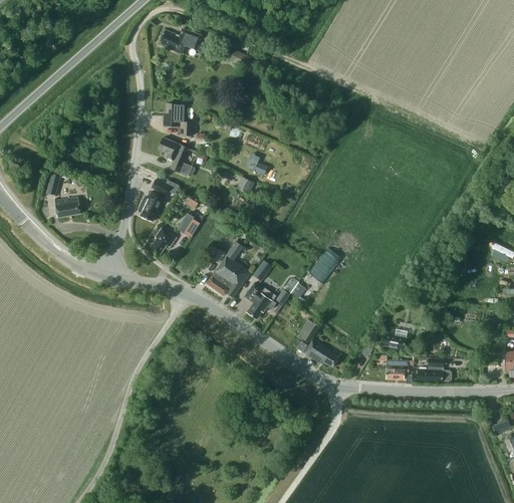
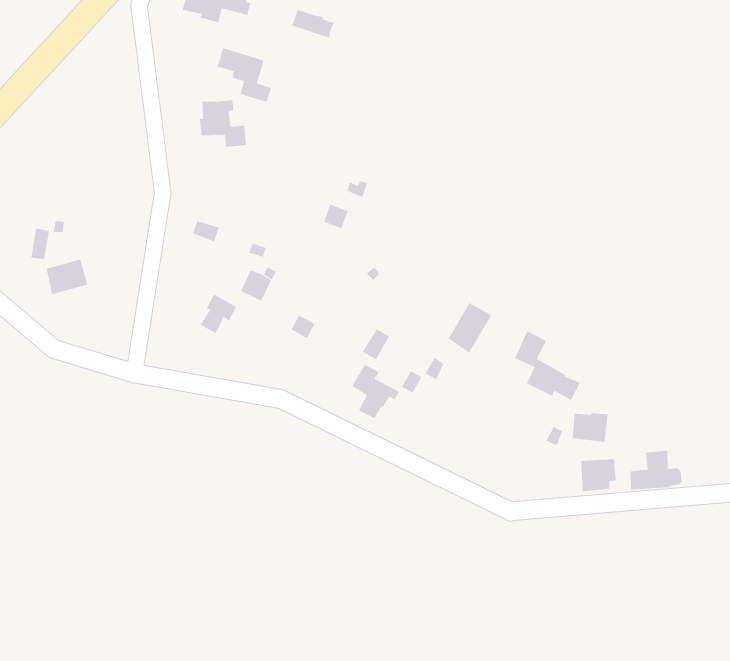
building: [158,137,192,175] -> [217,48,272,102]
building: [139,190,165,221] -> none
building: [207,241,250,296] -> none
building: [298,318,339,366] -> [514,330,581,401]

